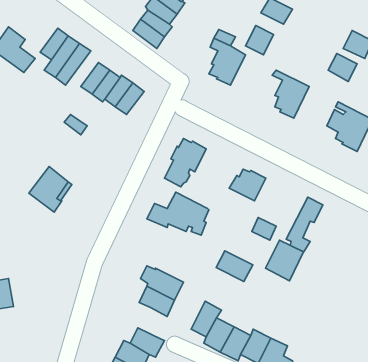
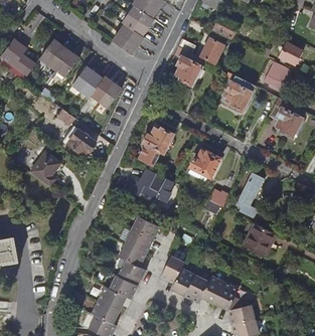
building: none -> [68,127,98,154]
building: [265,240,303,281] -> [244,224,274,257]
building: [216,251,253,281] -> [131,216,160,240]
building: none -> [117,261,146,286]

